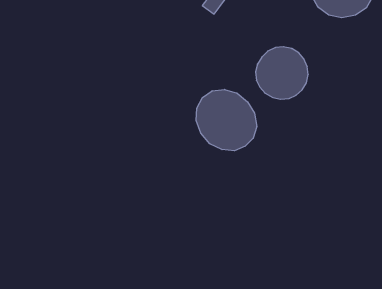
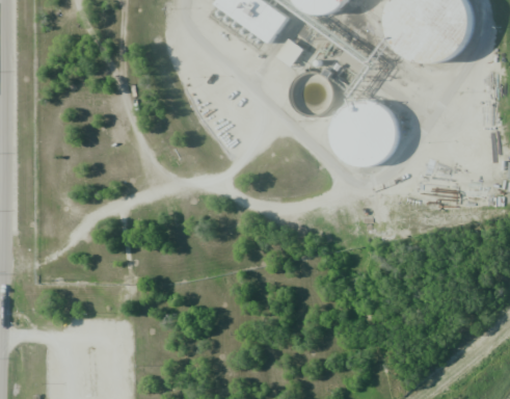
building: [196,89,257,151] -> none

